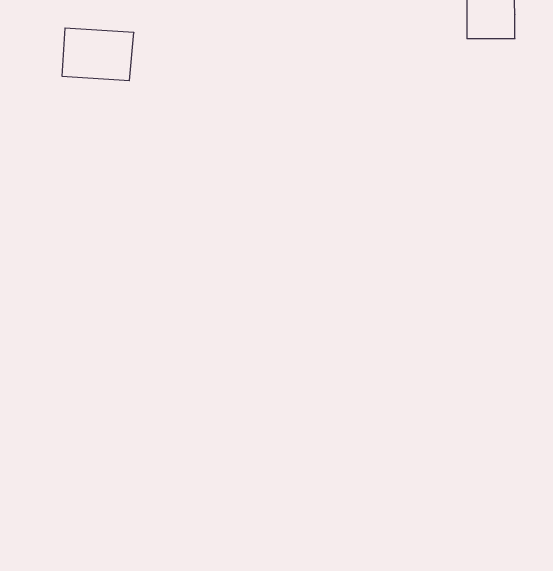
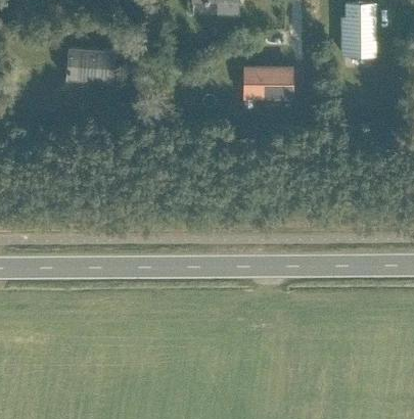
building: none -> [244,68,292,106]

